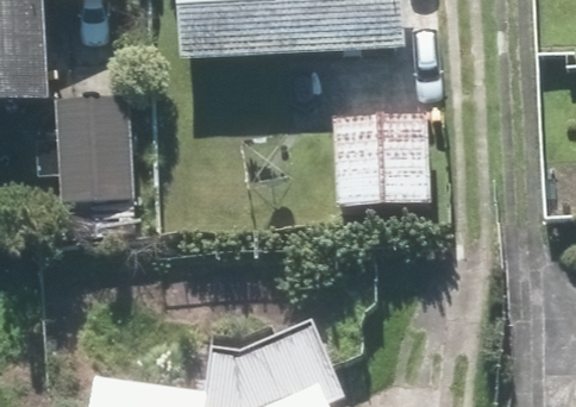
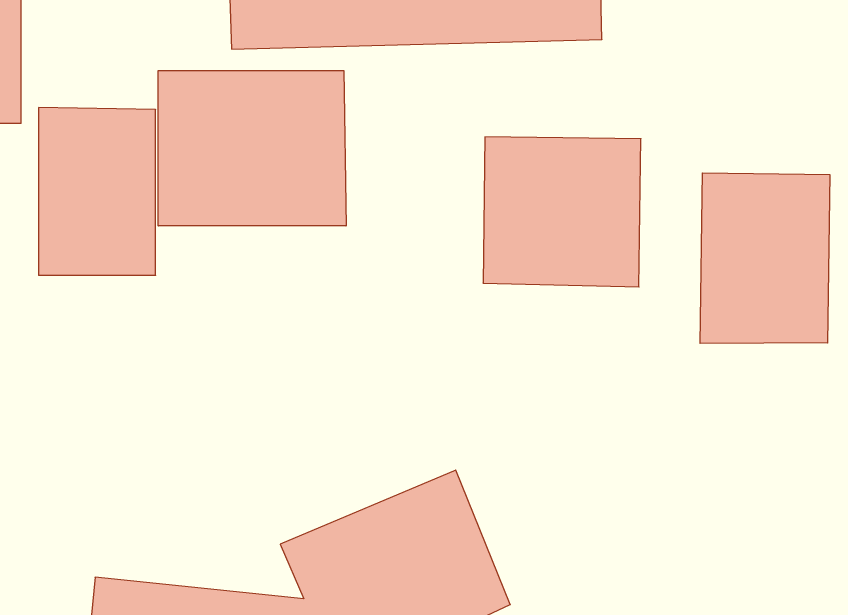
building: none -> [158,71,346,226]
building: none -> [700,173,830,343]

